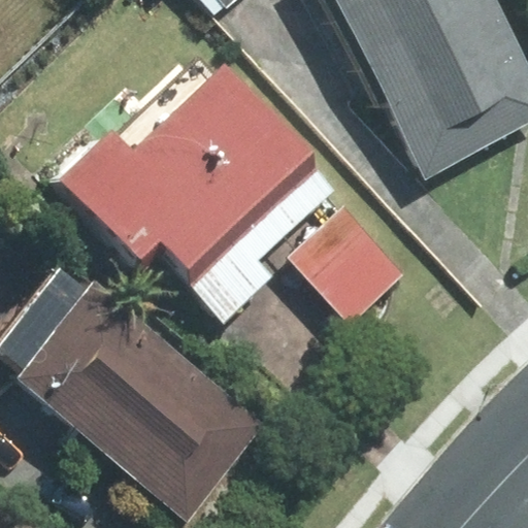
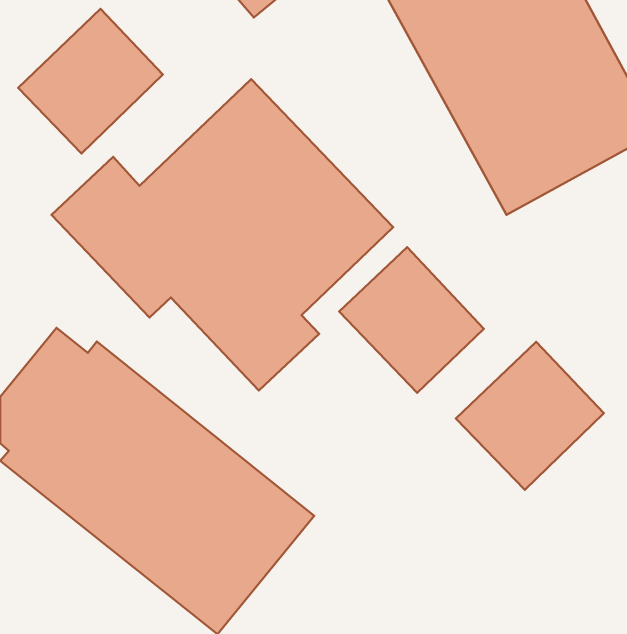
building: none -> [18,9,163,153]
building: none -> [456,342,604,490]

